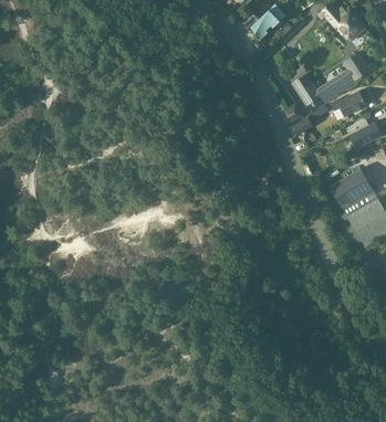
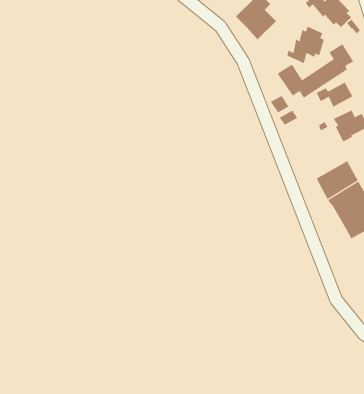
building: none -> [287,26,324,64]

